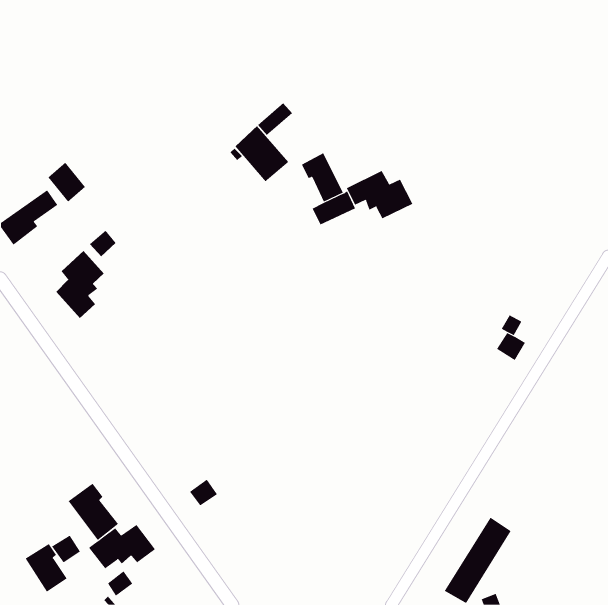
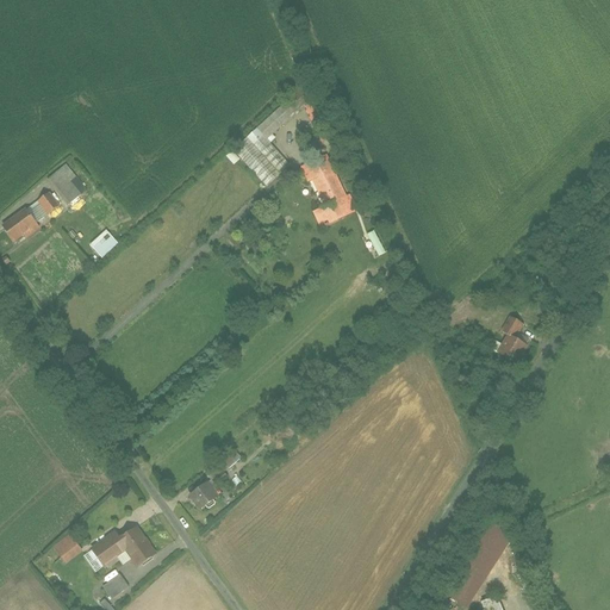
building: [346,170,413,219] -> none
building: [55,250,104,319] -> none
building: [68,483,119,541] -> none
building: [25,543,68,593] -> none

